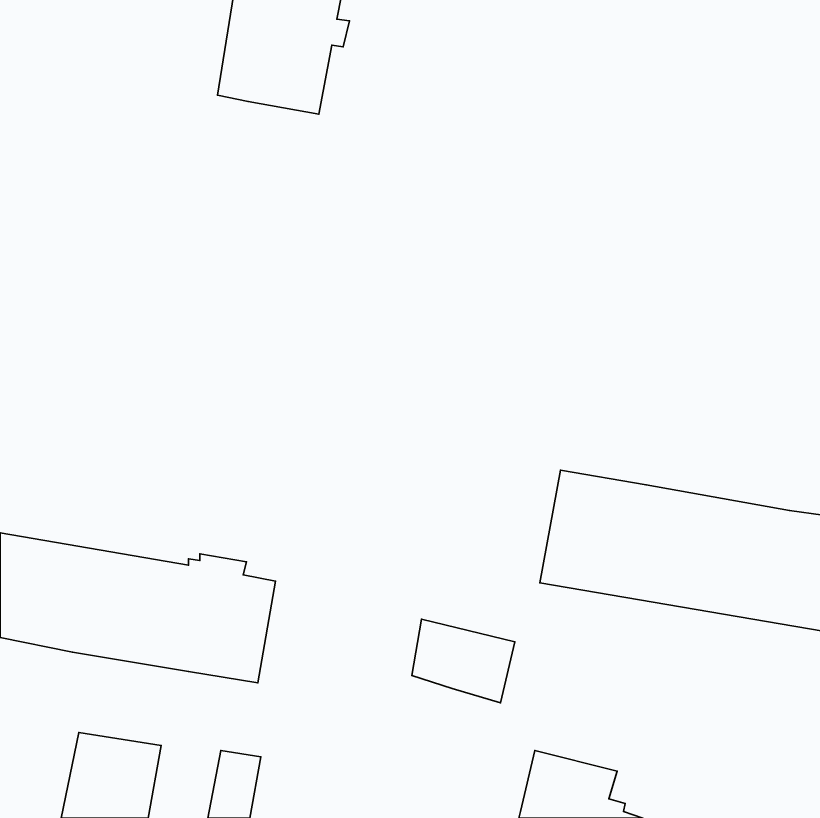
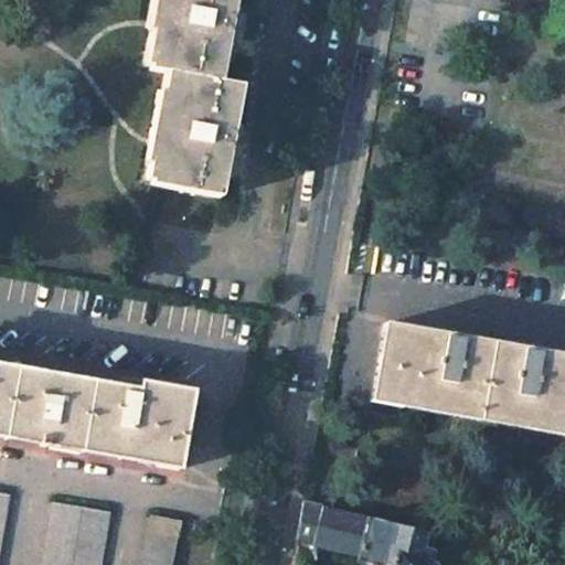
building: none -> [152,70,243,194]
building: [412,619,515,703] -> [298,499,369,556]

